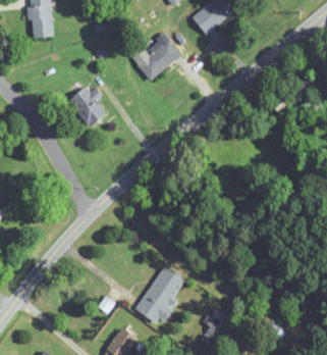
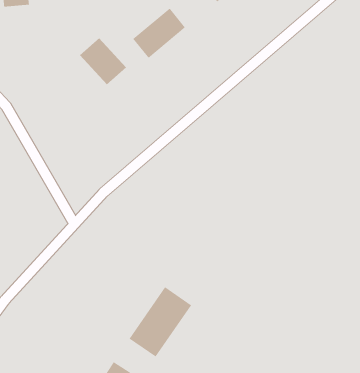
building: [68,88,107,126] -> [79,38,127,85]

